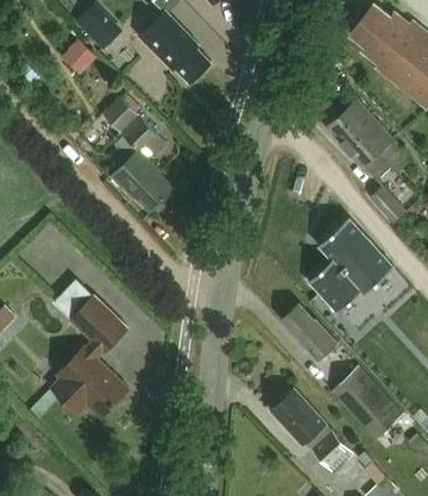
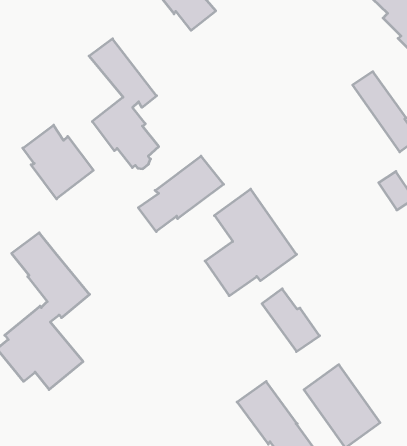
building: [326,115,389,181] -> none
building: none -> [23,125,93,199]
building: none -> [138,156,224,232]
building: [316,215,397,313] -> [205,189,297,296]

